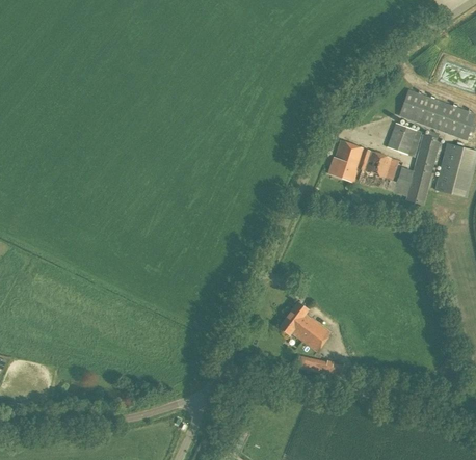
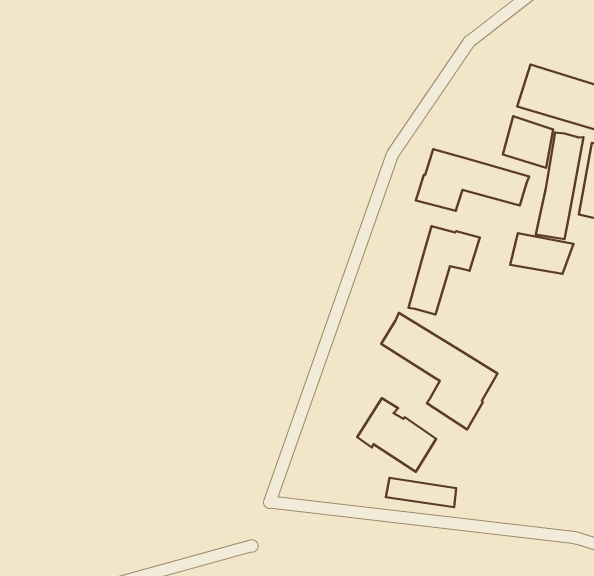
building: none -> [409,226,480,315]
building: none -> [510,233,573,274]
building: none -> [381,313,498,429]

